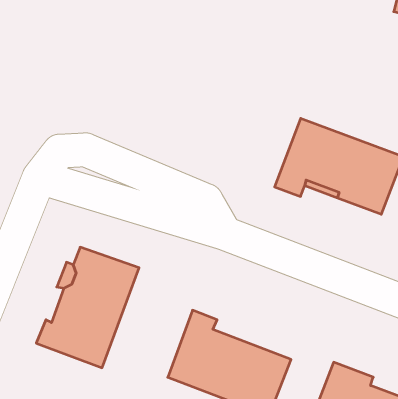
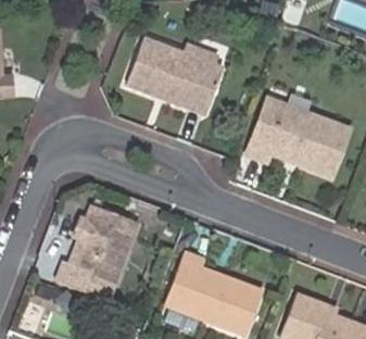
building: none -> [127,37,224,114]

